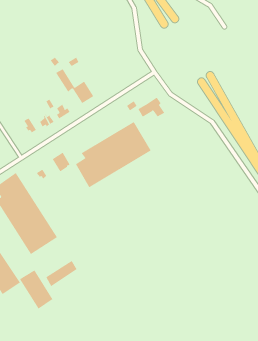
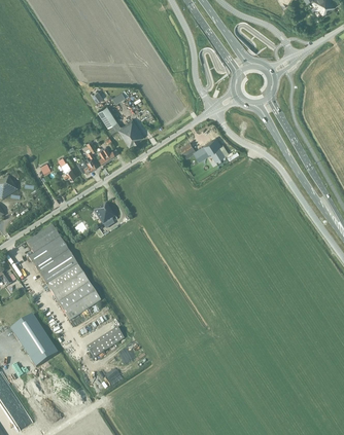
building: [75,121,152,188] -> none
building: [19,269,53,310] -> none

